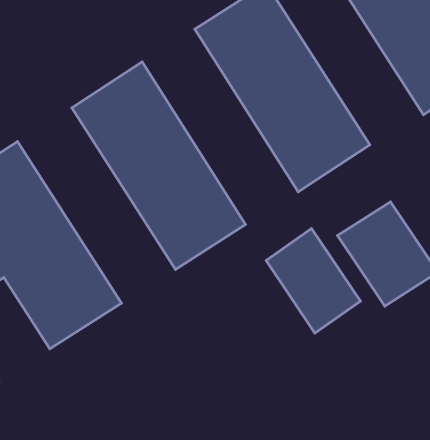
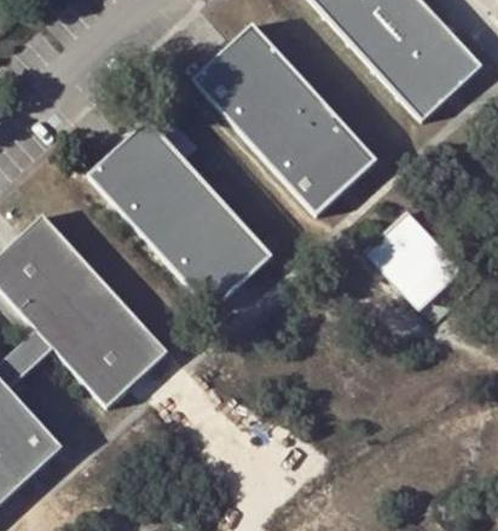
building: [266,228,360,333] -> none

